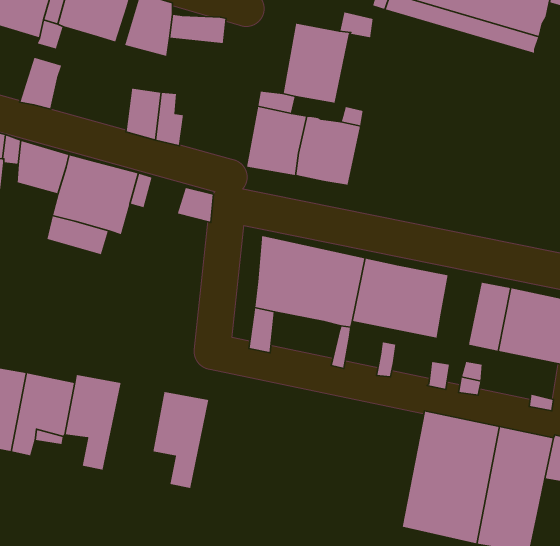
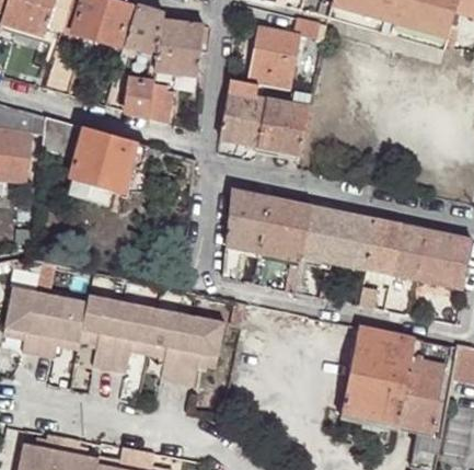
building: none -> [157,37,203,72]
building: none -> [368,220,402,275]
building: none -> [109,303,157,375]
building: none -> [177,317,224,389]

